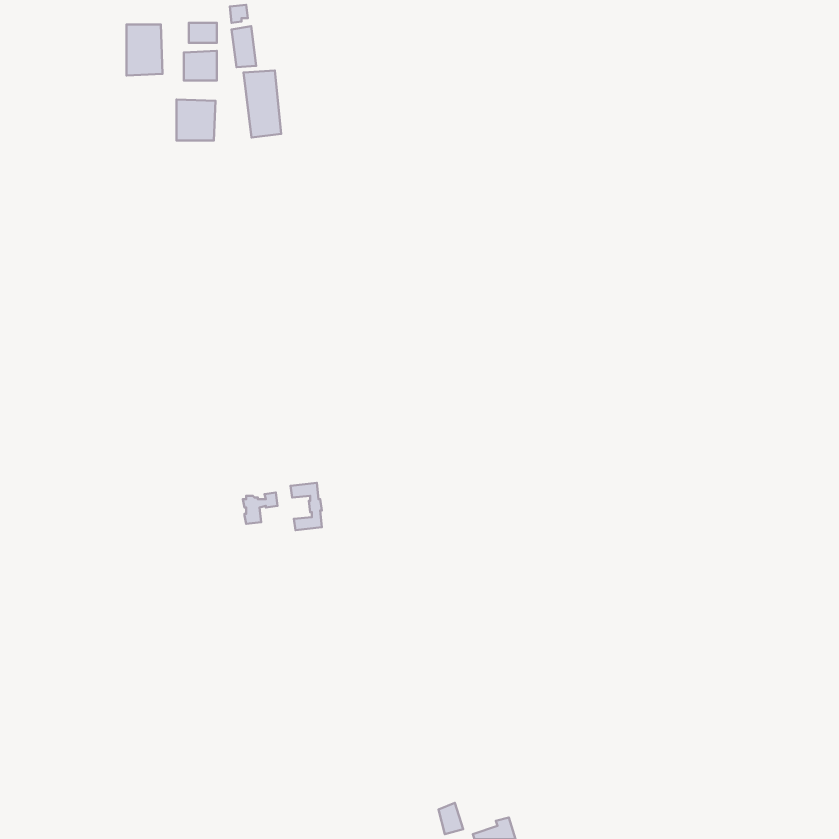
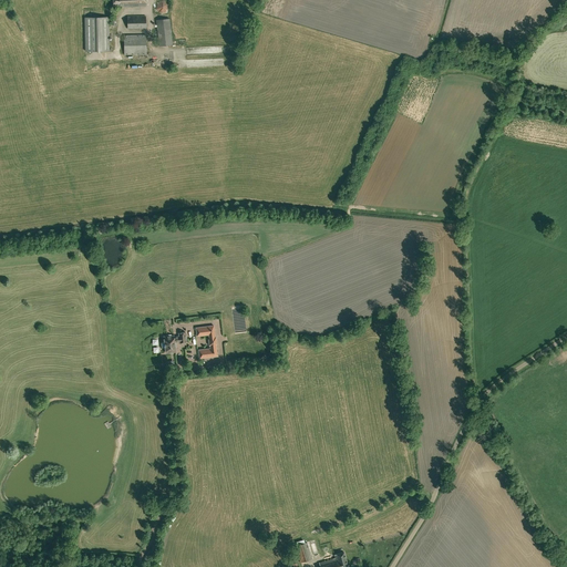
building: [243,71,281,137] -> none
building: [176,99,216,140] -> none

